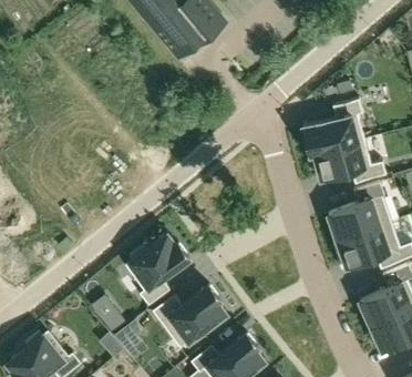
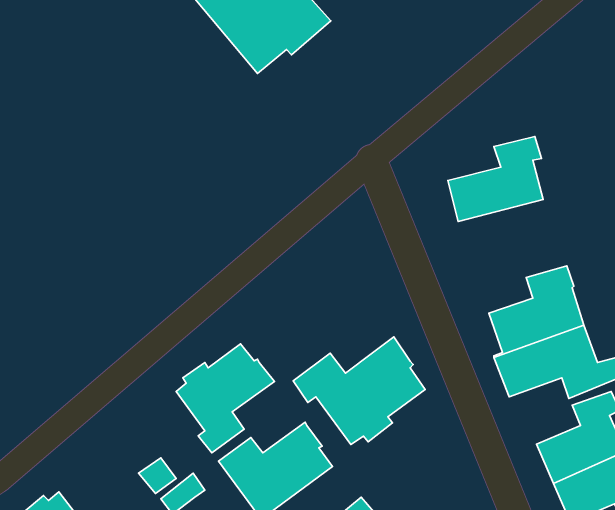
building: [309,140,387,185] -> none
building: none -> [293,337,425,444]

